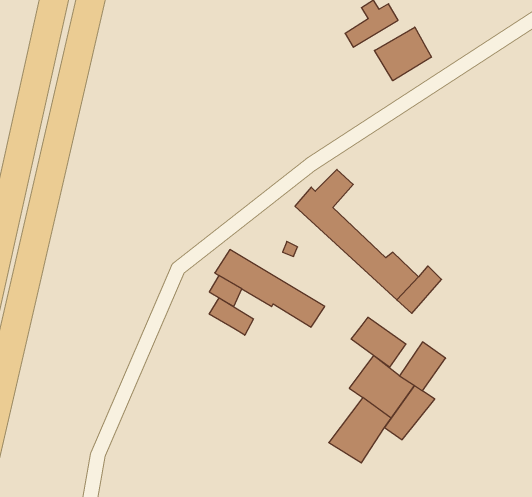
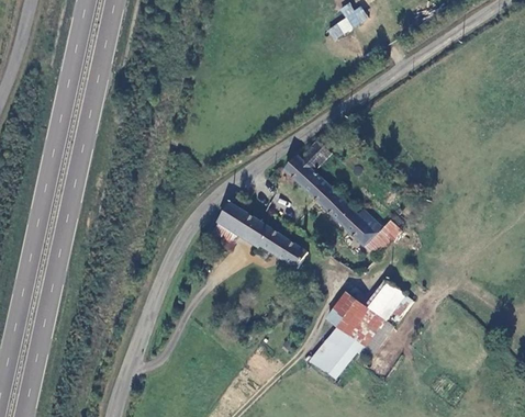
building: [374,27,431,81] -> none
building: [209,298,253,335] -> none
building: [351,317,406,367] -> none

